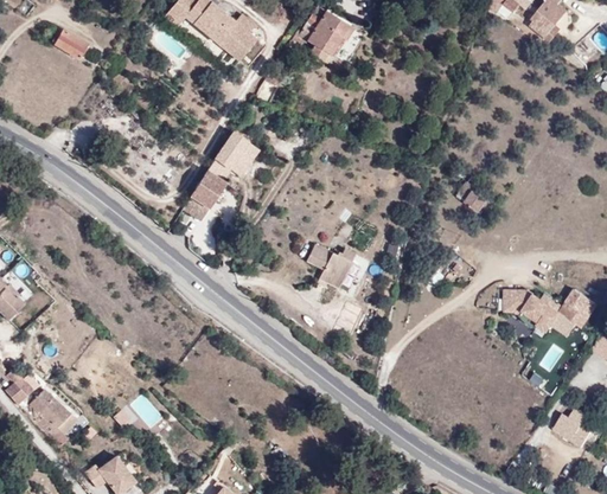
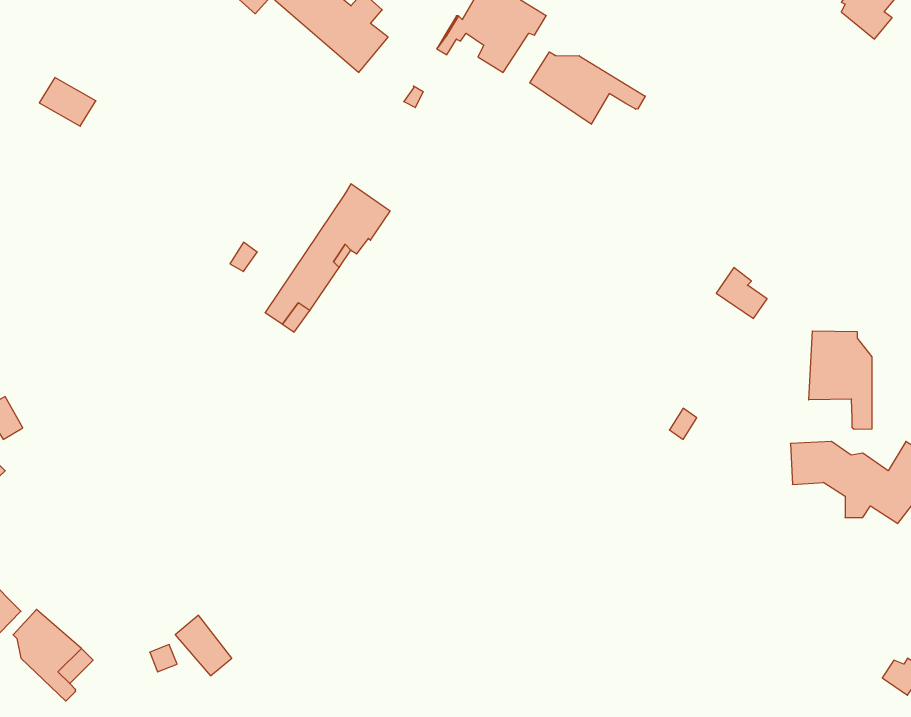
building: [52,28,87,58] -> [39,77,96,126]
building: none -> [530,52,645,124]
building: none -> [809,331,872,429]
building: [306,242,356,286] -> none

